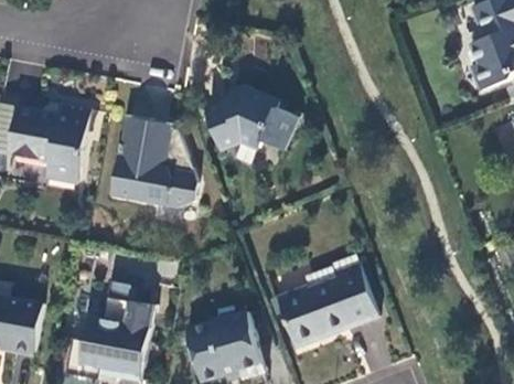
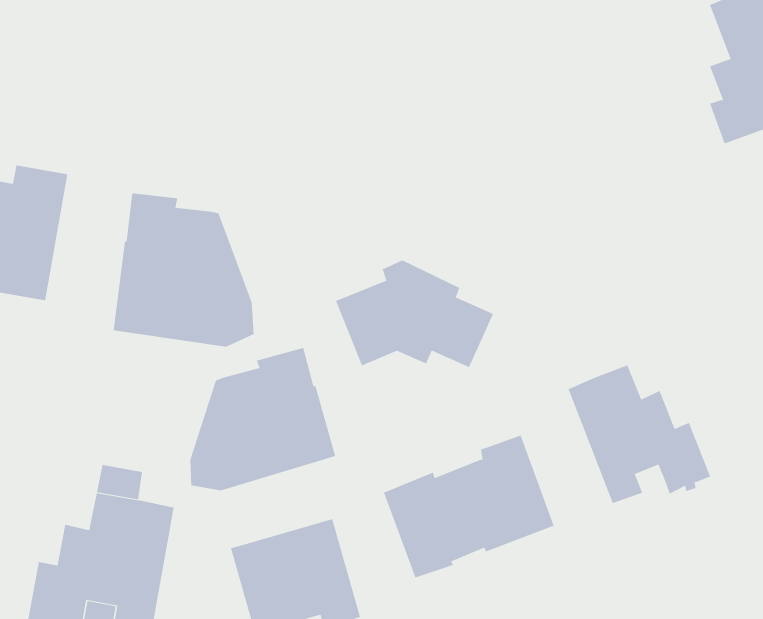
building: [205,85,299,149] -> [335,260,494,368]
building: none -> [190,347,336,491]
building: none -> [568,364,711,504]

